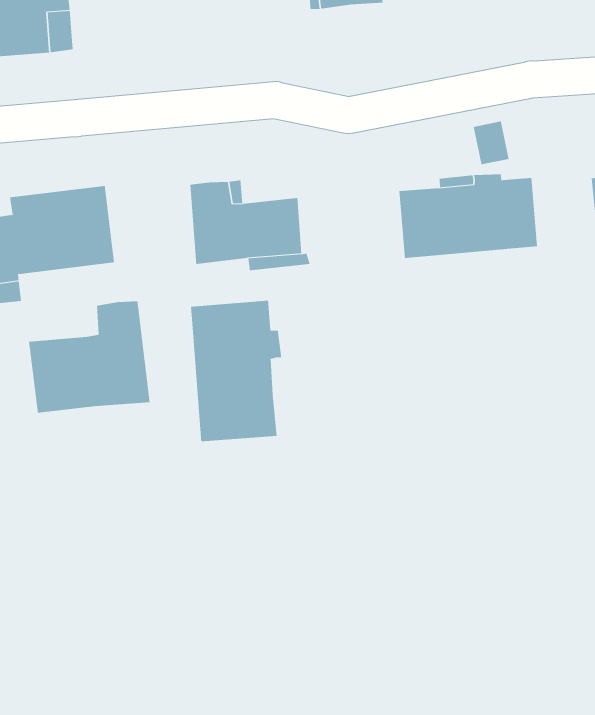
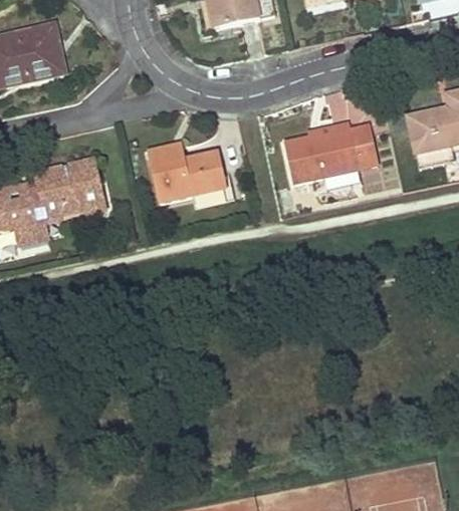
building: [191,300,282,442] -> none
building: [29,300,150,414] -> none

